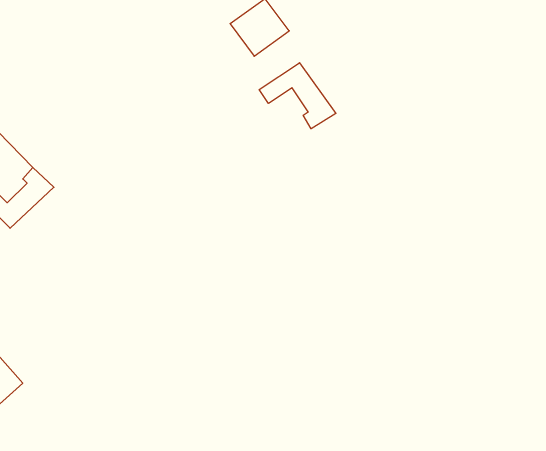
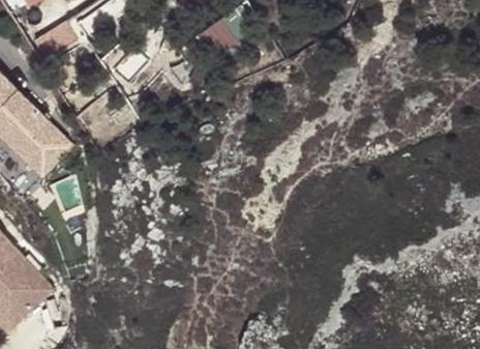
building: [259,63,336,129] -> none

